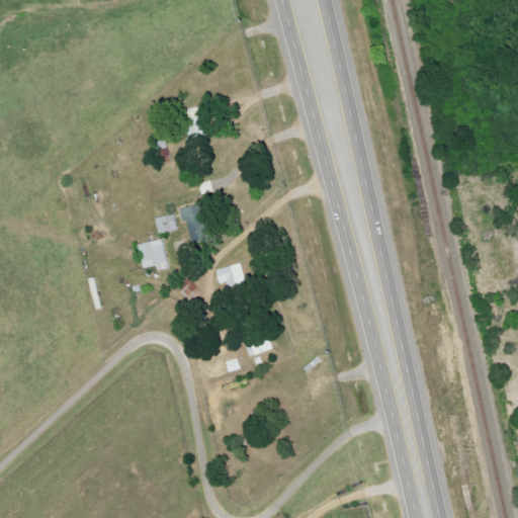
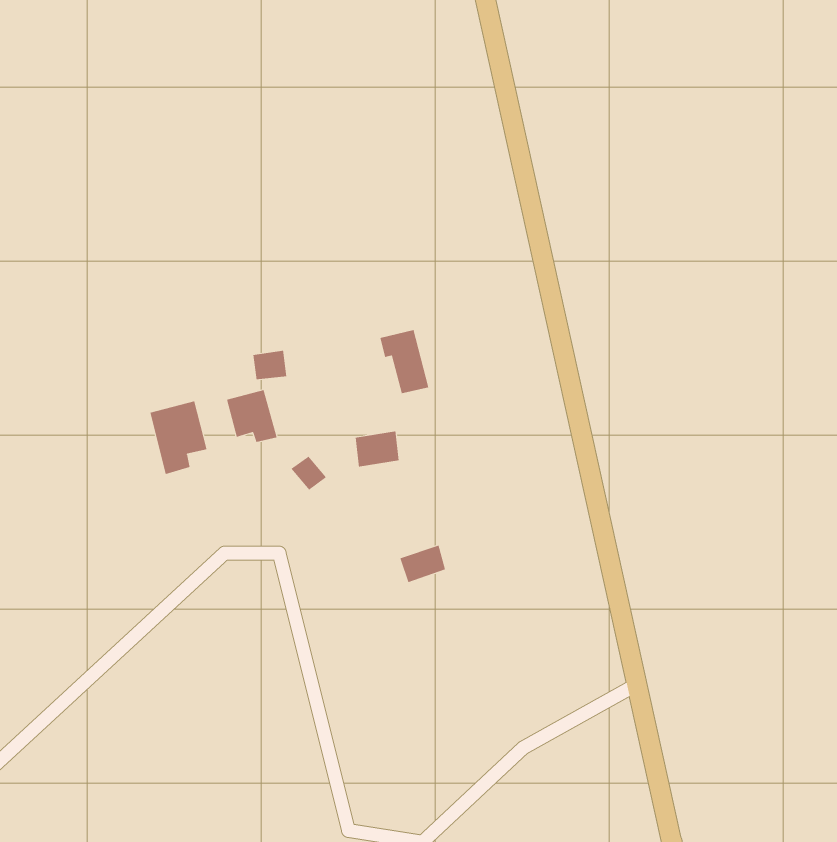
building: [178,204,208,244] -> [380,330,429,394]
building: none -> [150,401,207,475]

